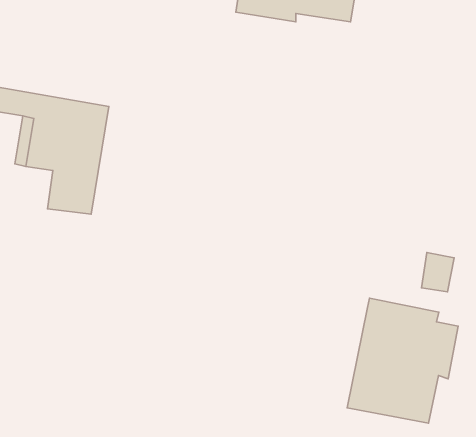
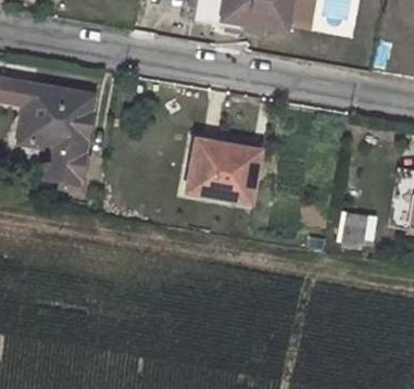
building: none -> [190,140,262,202]
building: [347,298,458,423] -> none

